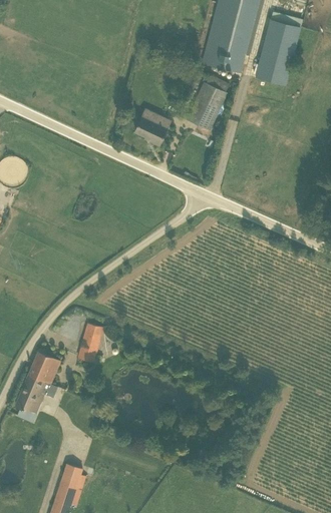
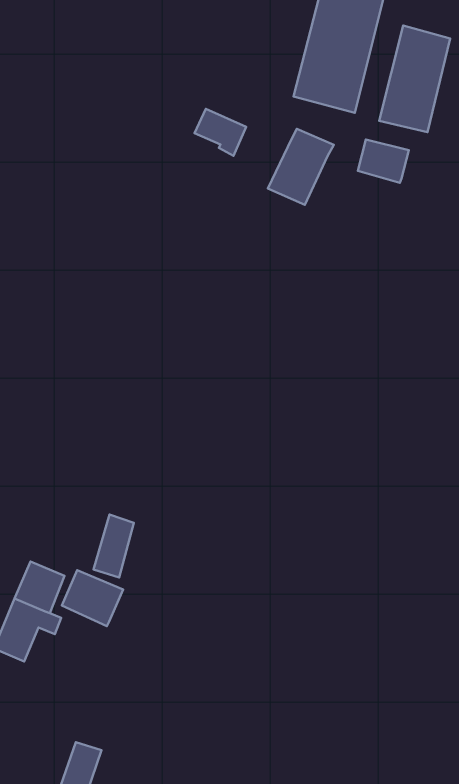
building: none -> [358,139,409,183]
building: [133,115,166,144] -> [195,109,246,156]
building: none -> [62,570,123,626]

